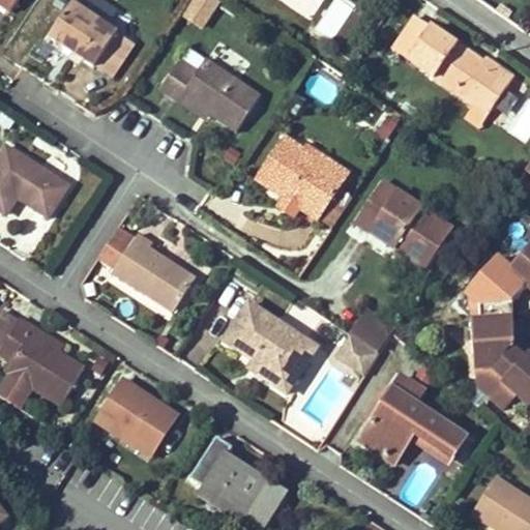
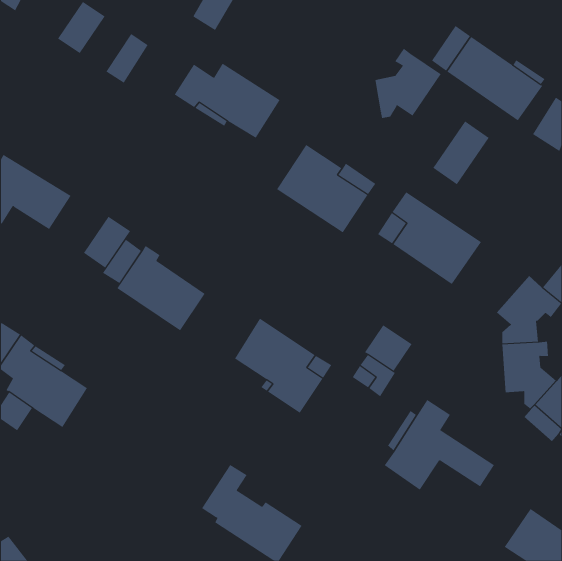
building: [76,16,123,67] -> none
building: none -> [375,48,442,119]
building: none -> [433,121,489,185]
building: none -> [83,216,131,268]
building: [90,373,180,460] -> none

